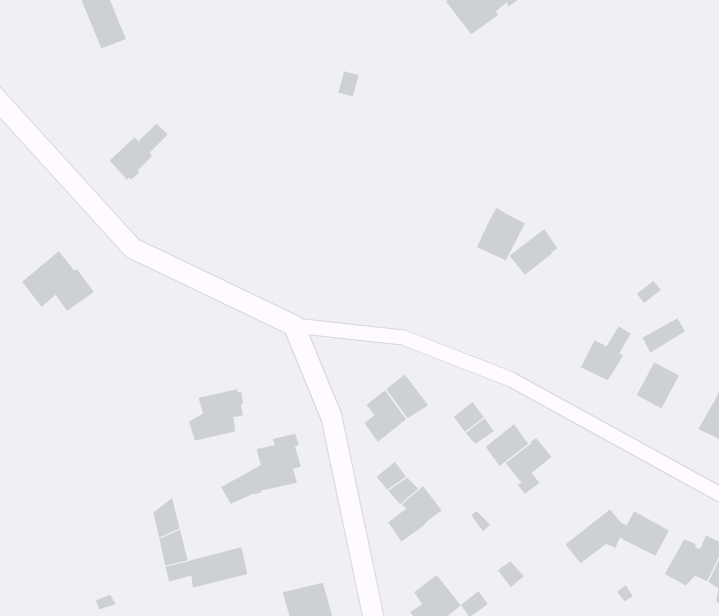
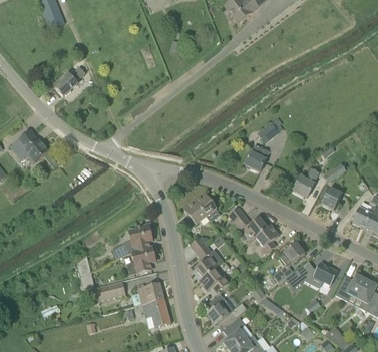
building: [476,207,526,261] -> [245,144,270,171]
building: [188,388,244,441] -> [127,247,155,274]
building: none -> [273,243,305,283]
building: none -> [199,261,230,291]
building: none -> [131,282,163,305]

